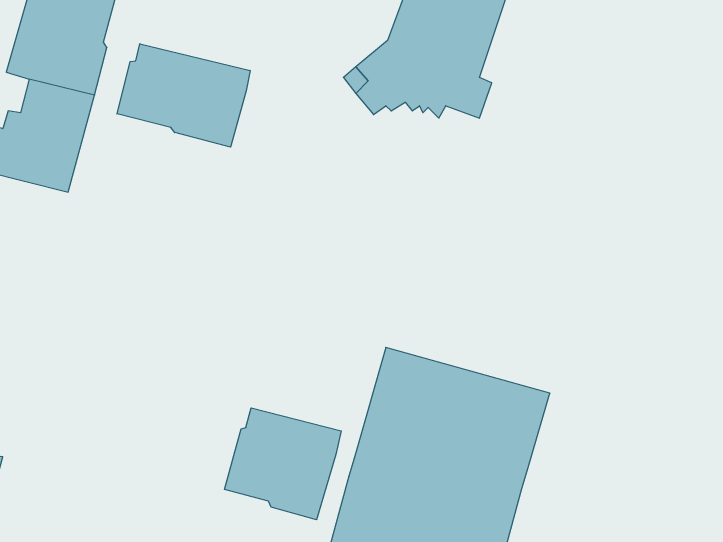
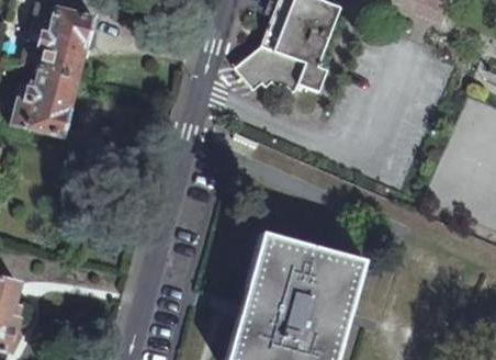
building: [117,44,250,147] -> none
building: [225,408,341,520] -> none

